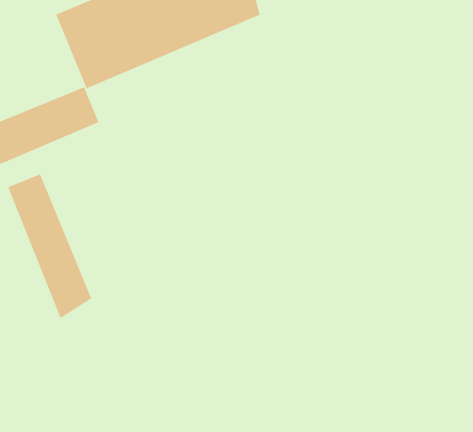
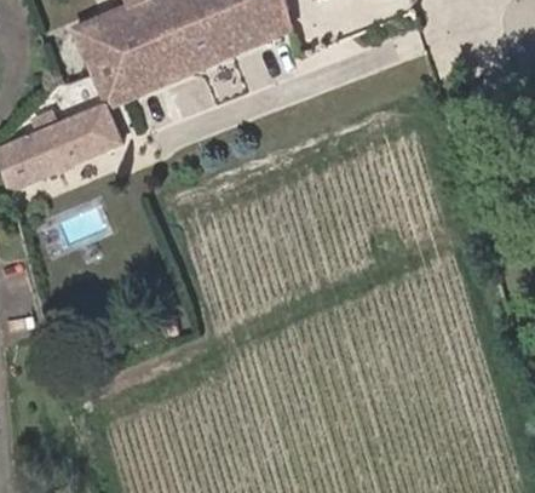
building: [7,173,92,319] -> none

